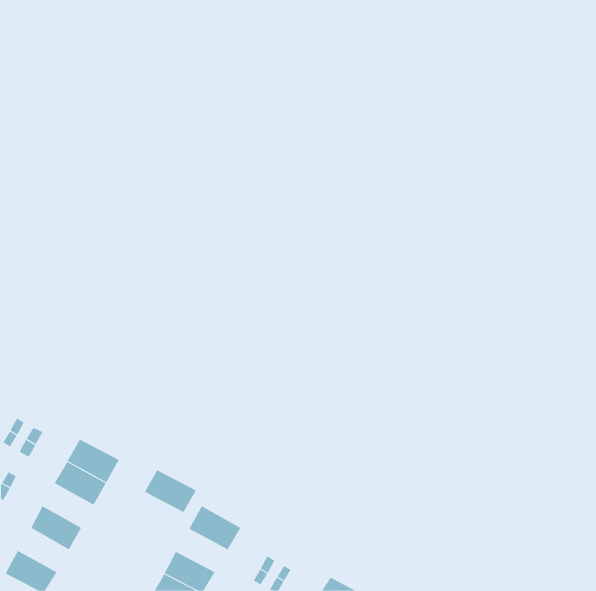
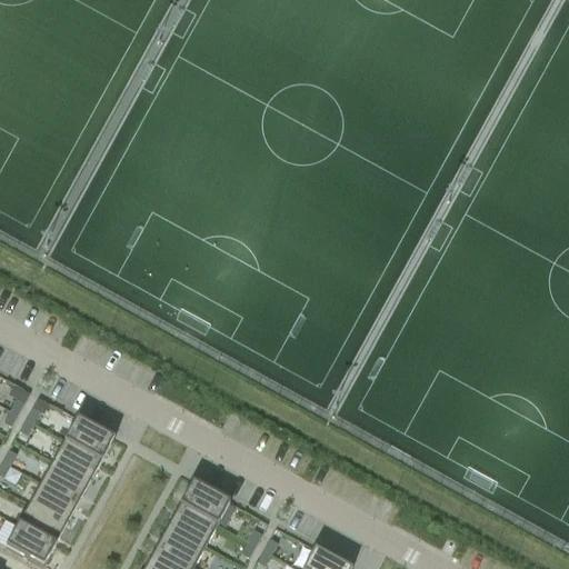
building: [144,469,197,513] -> [169,502,219,543]
building: none -> [42,459,91,501]
building: none -> [19,501,68,543]

